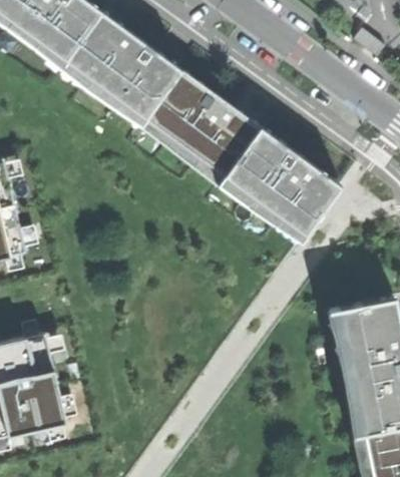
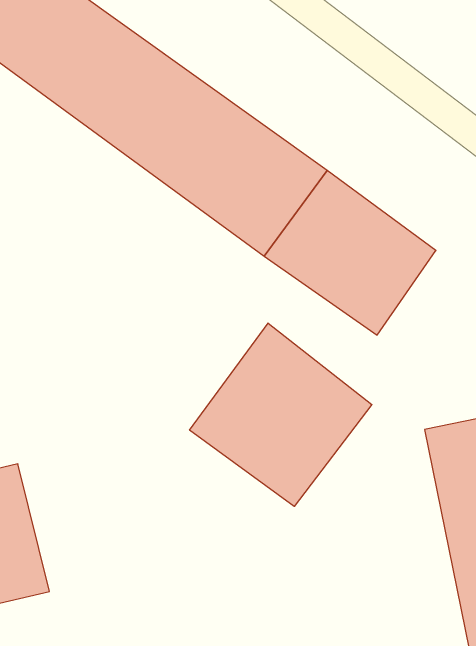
building: none -> [190,323,372,506]

